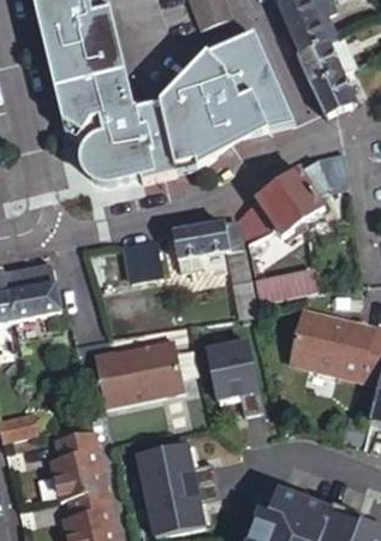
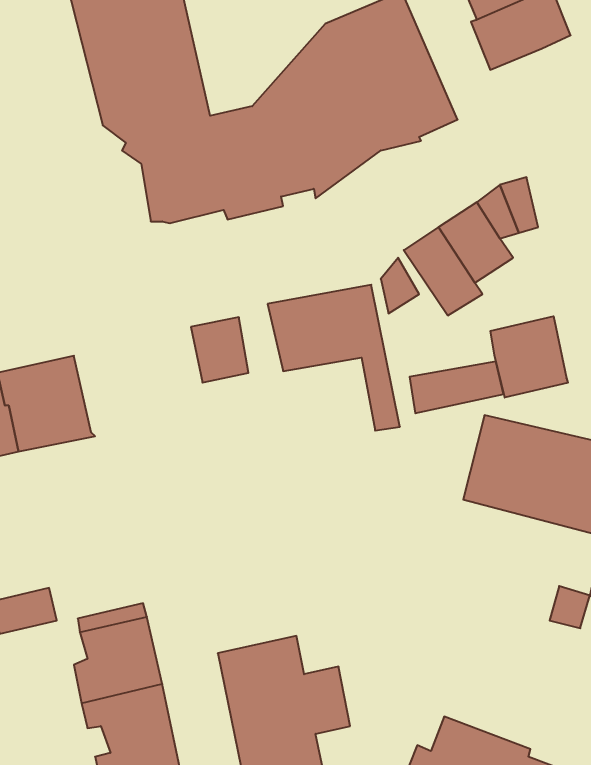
building: [309,73,355,118] -> none
building: none -> [490,316,568,398]
building: [97,339,186,404] -> none
building: [207,339,261,414] -> none

